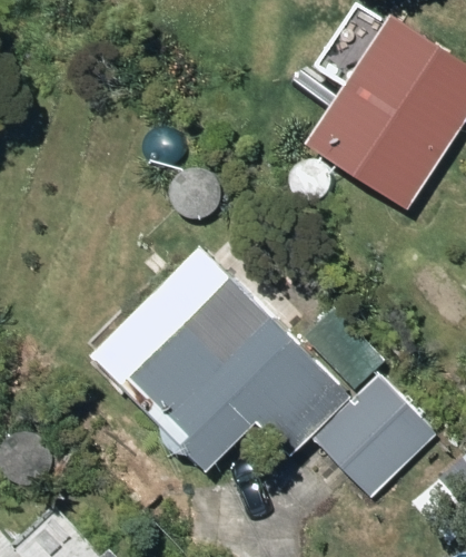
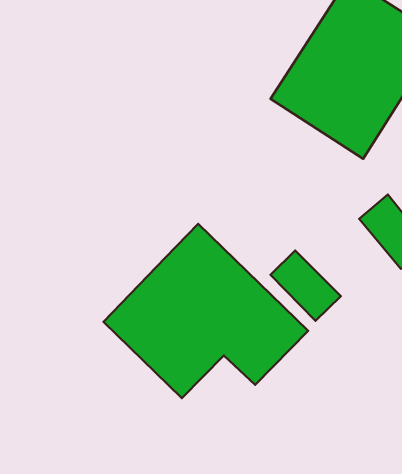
building: [313,374,436,496] -> none

